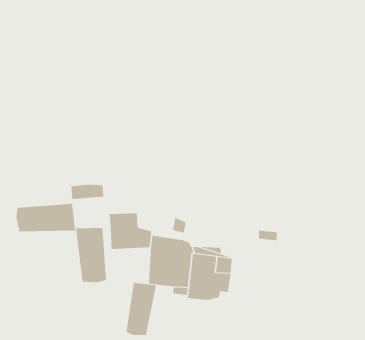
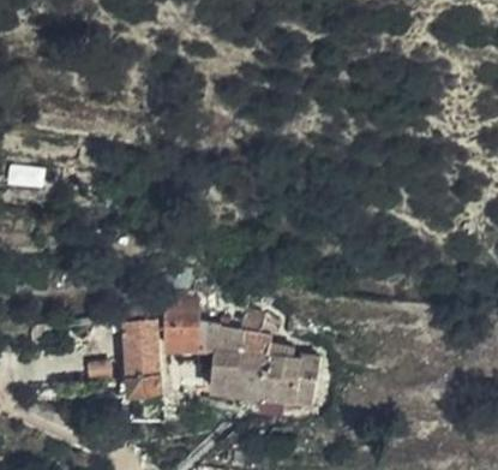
building: [16,203,76,232] -> none
building: [126,282,156,336] -> none

